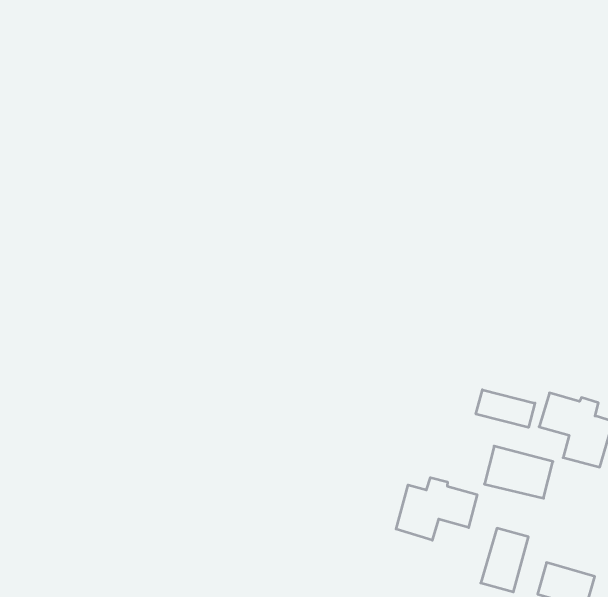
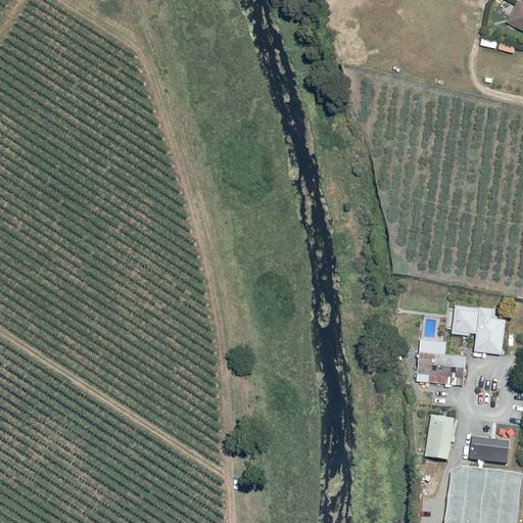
building: [476,390,535,427] -> none
building: [396,478,477,540] -> none

